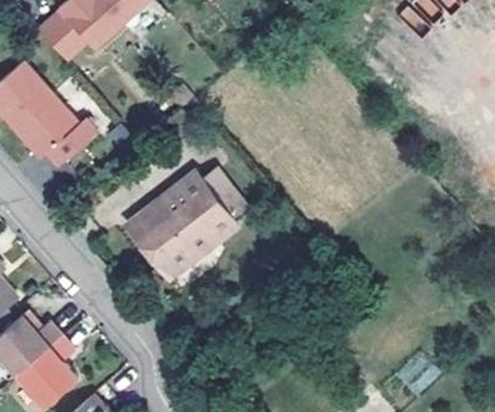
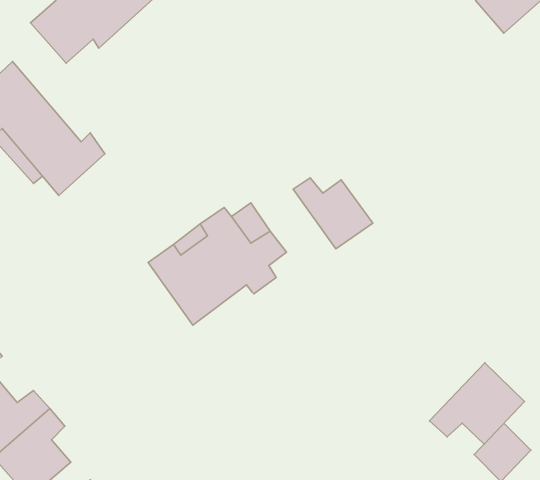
building: none -> [293,178,373,249]
building: [126,221,219,283] -> none
building: none -> [430,363,524,444]

